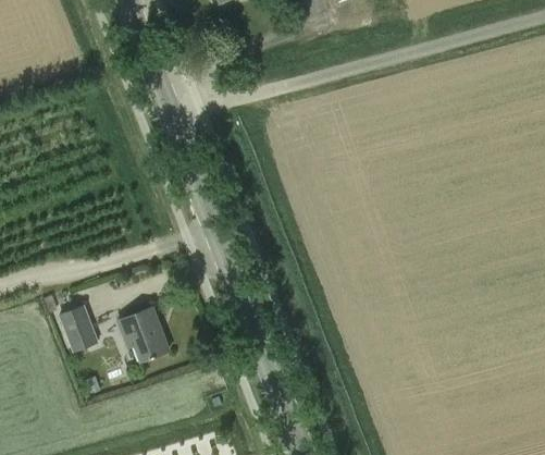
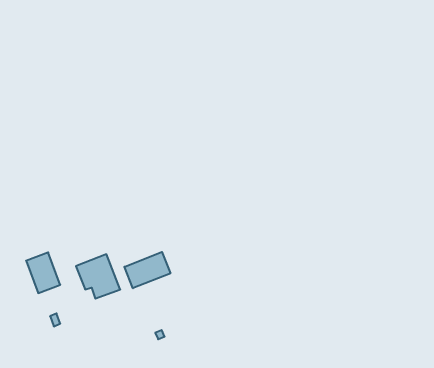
building: none -> [124,252,170,288]

